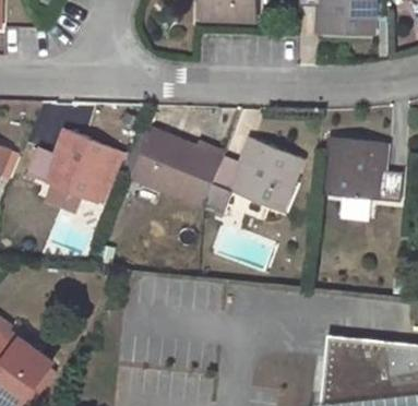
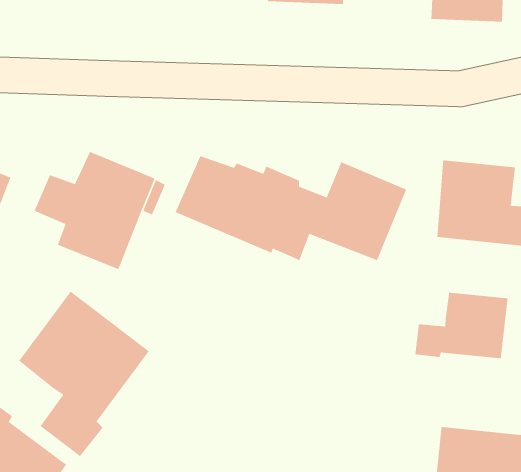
building: none -> [18,290,150,457]
building: none -> [415,292,508,359]

